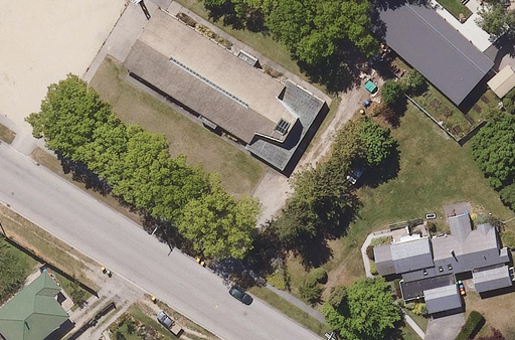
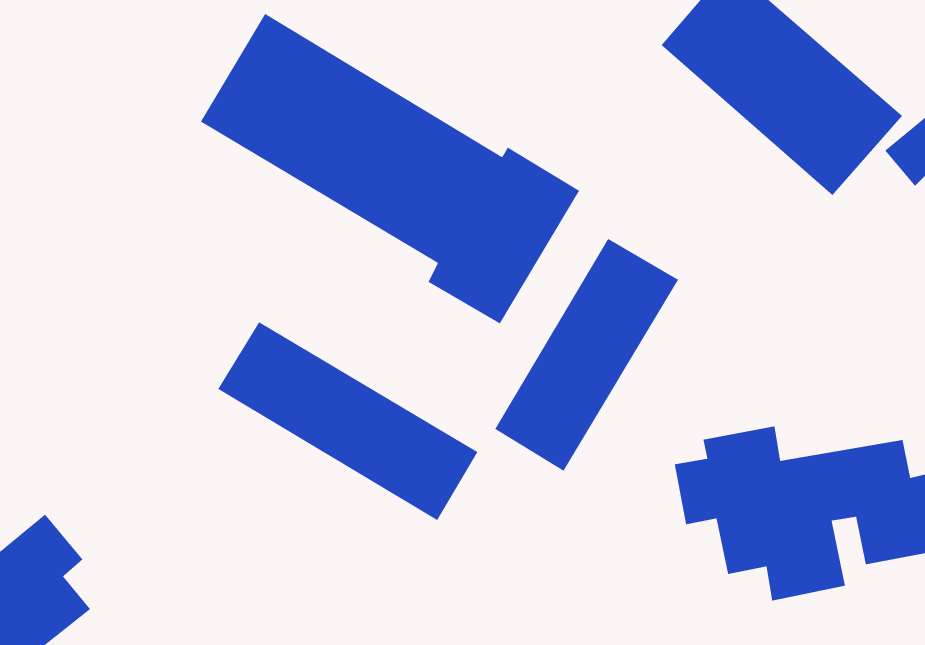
building: none -> [494,238,679,472]
building: none -> [217,321,478,521]

